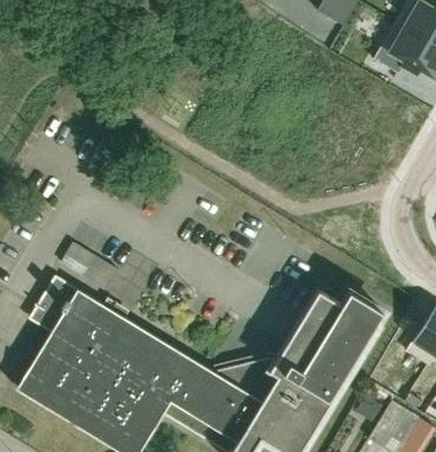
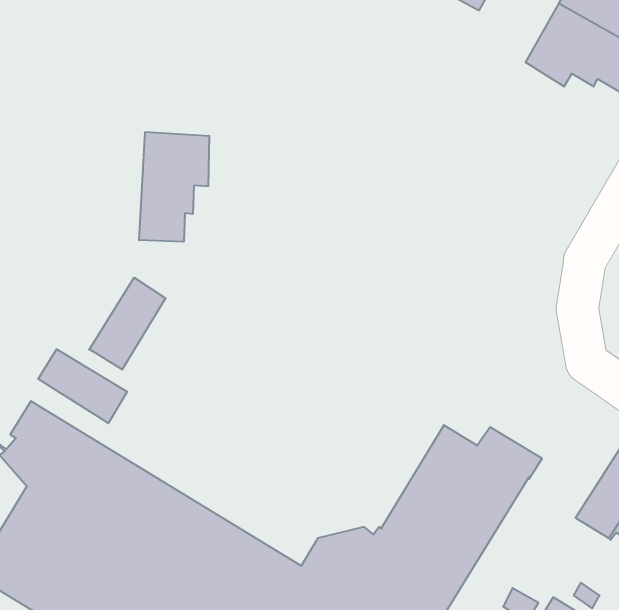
building: none -> [139,132,209,242]
building: none -> [89,278,166,370]

